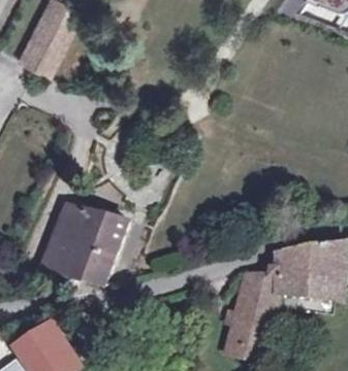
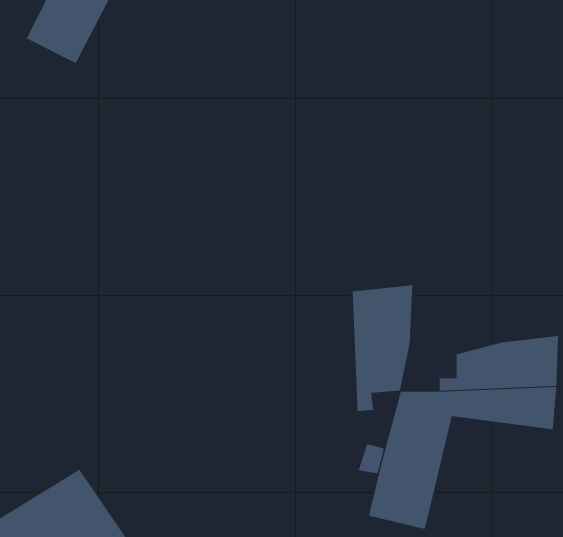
building: [41,203,128,286] -> none
building: none -> [352,284,413,412]

